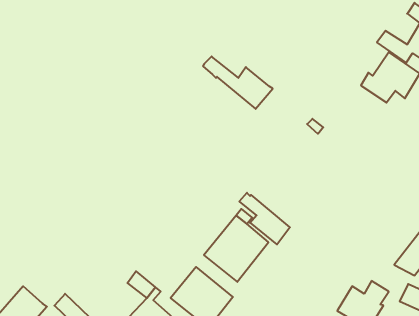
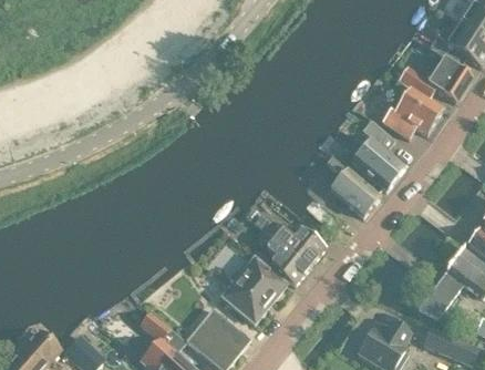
building: [203,56,273,109] -> [255,214,327,268]
building: none -> [350,121,406,191]
building: none -> [330,168,381,218]

